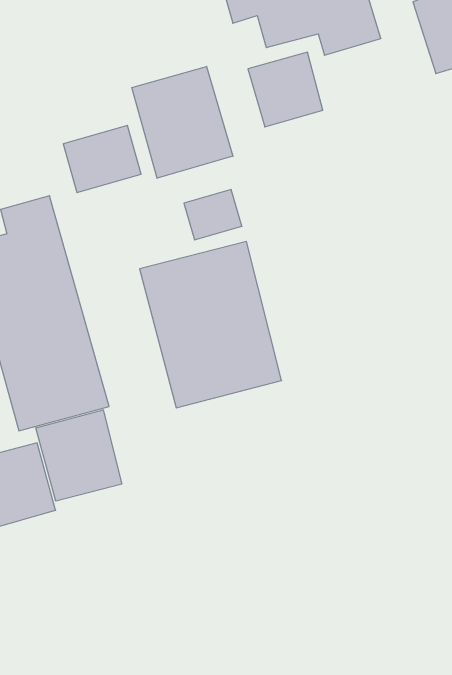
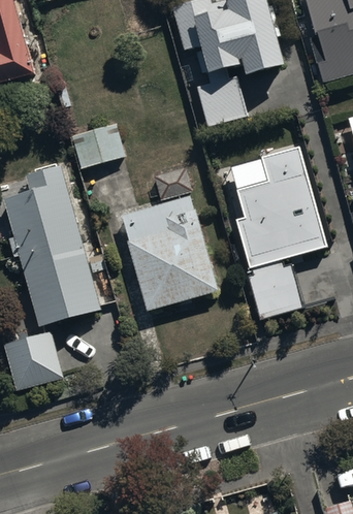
building: [132,66,233,178] -> none
building: none -> [232,140,325,314]
building: [36,410,122,501] -> none

